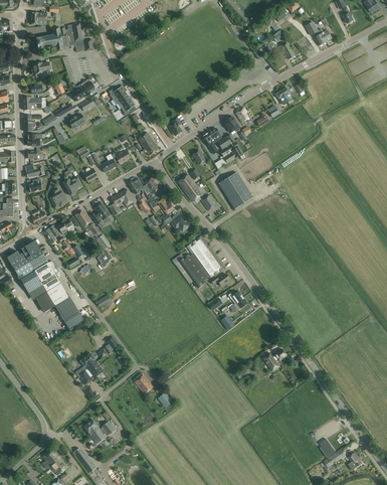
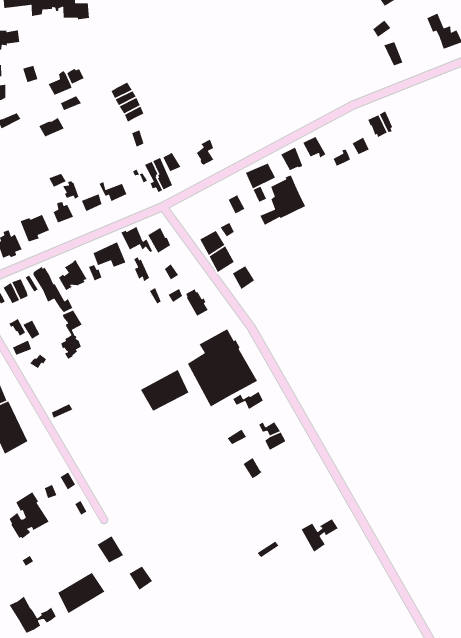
building: [218,171,252,208] -> none
building: none -> [140,369,189,412]
building: none -> [57,572,105,614]

